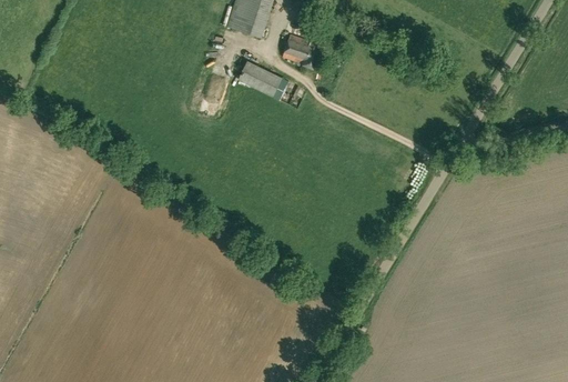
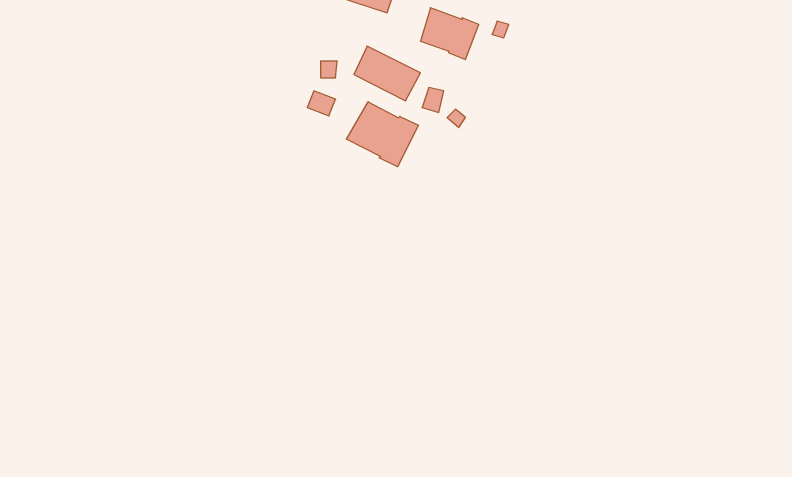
building: none -> [346,102,418,167]

